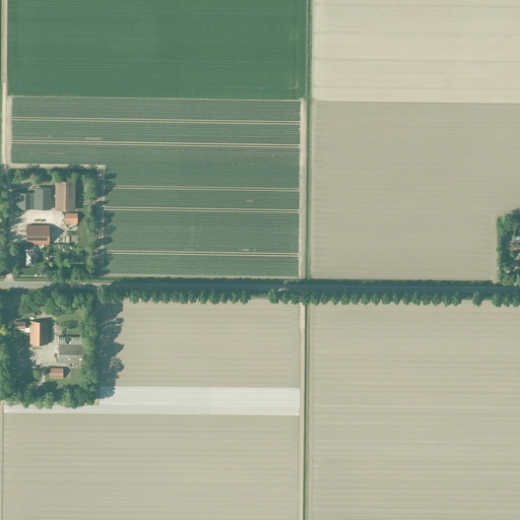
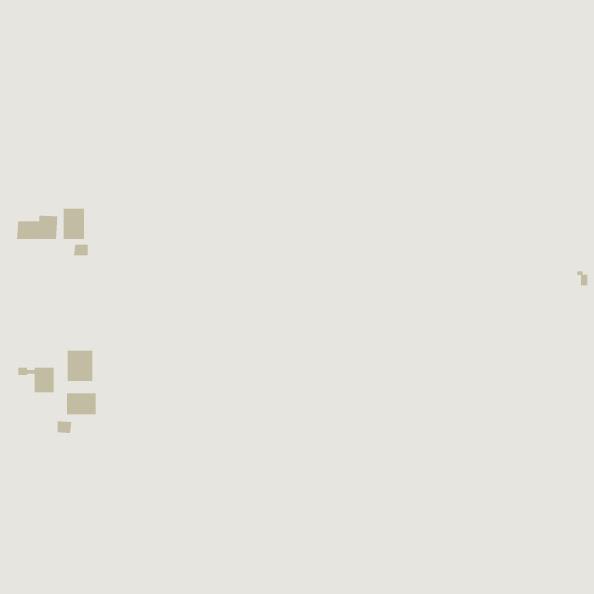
building: [25,226,49,264] -> none
building: none -> [67,350,93,382]

